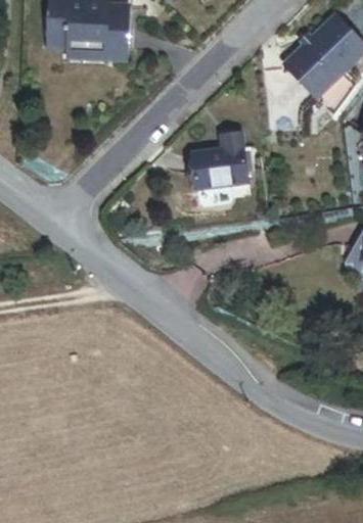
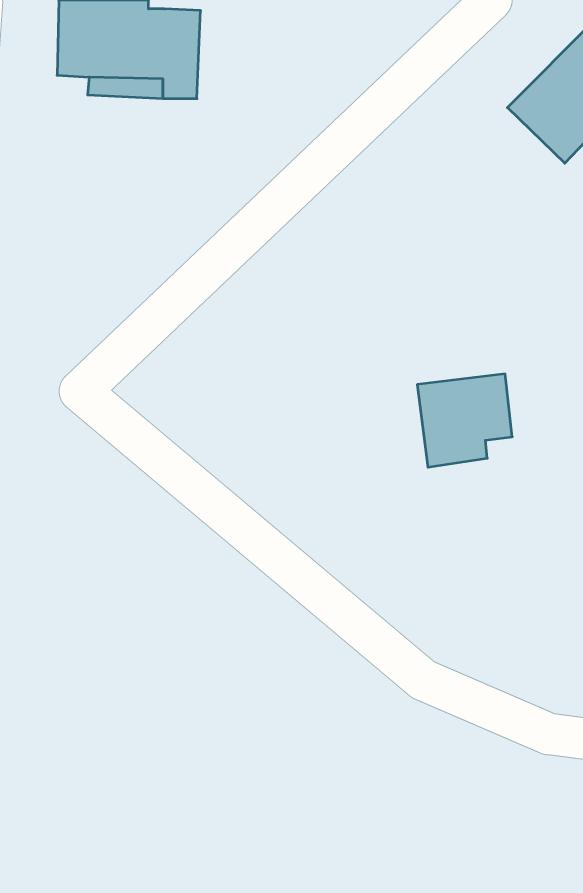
building: [193,145,247,198] -> [417,374,512,467]

